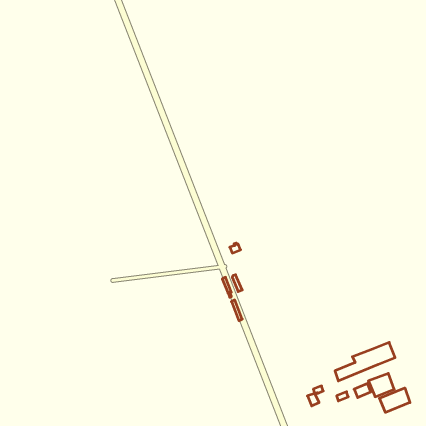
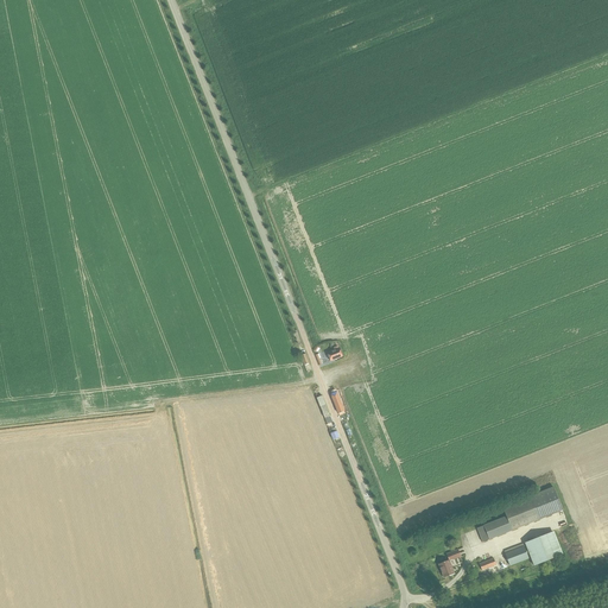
building: [379,388,410,412] -> none

